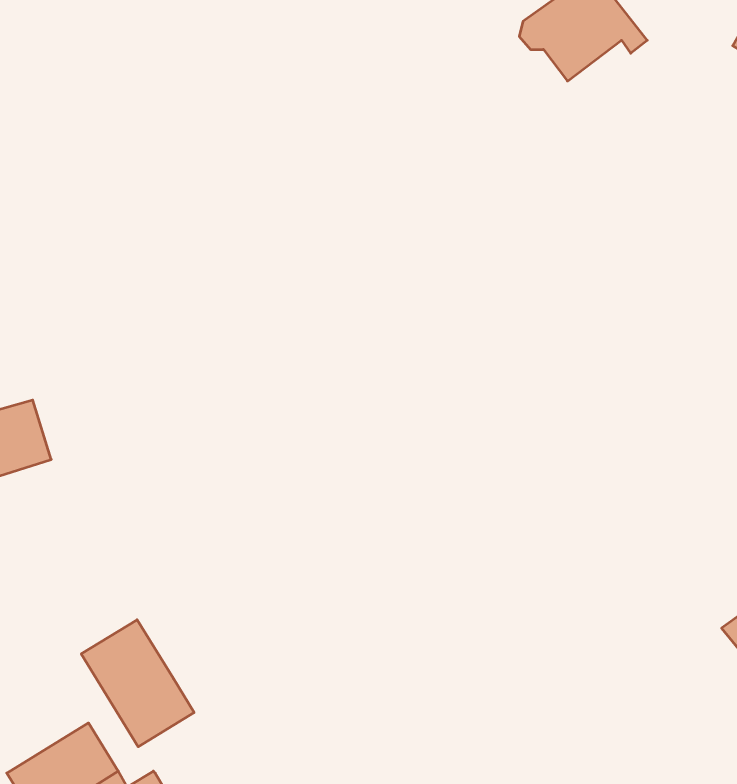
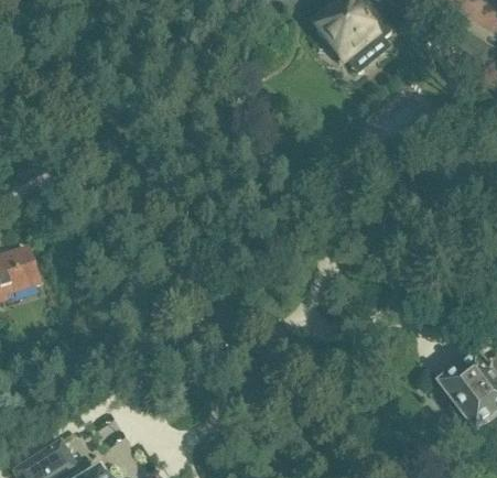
building: [81,620,194,747] -> none

